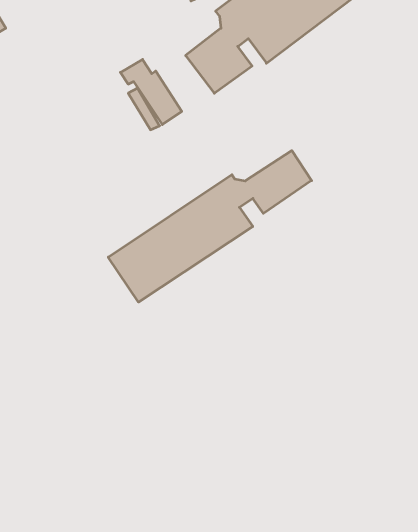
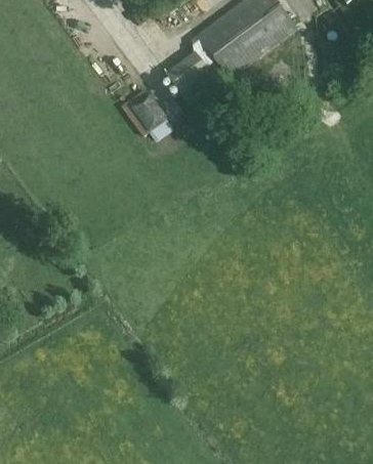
building: [108,151,312,302] -> none

